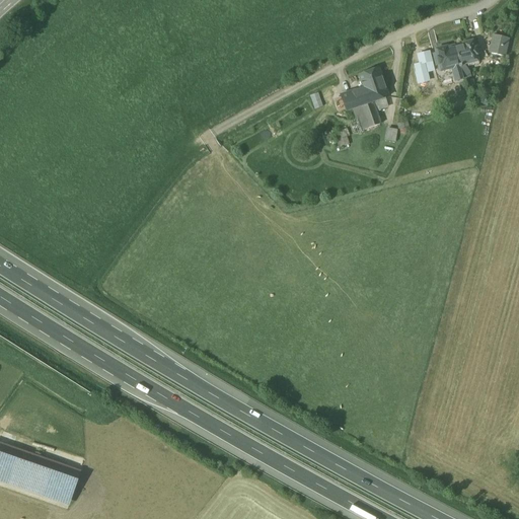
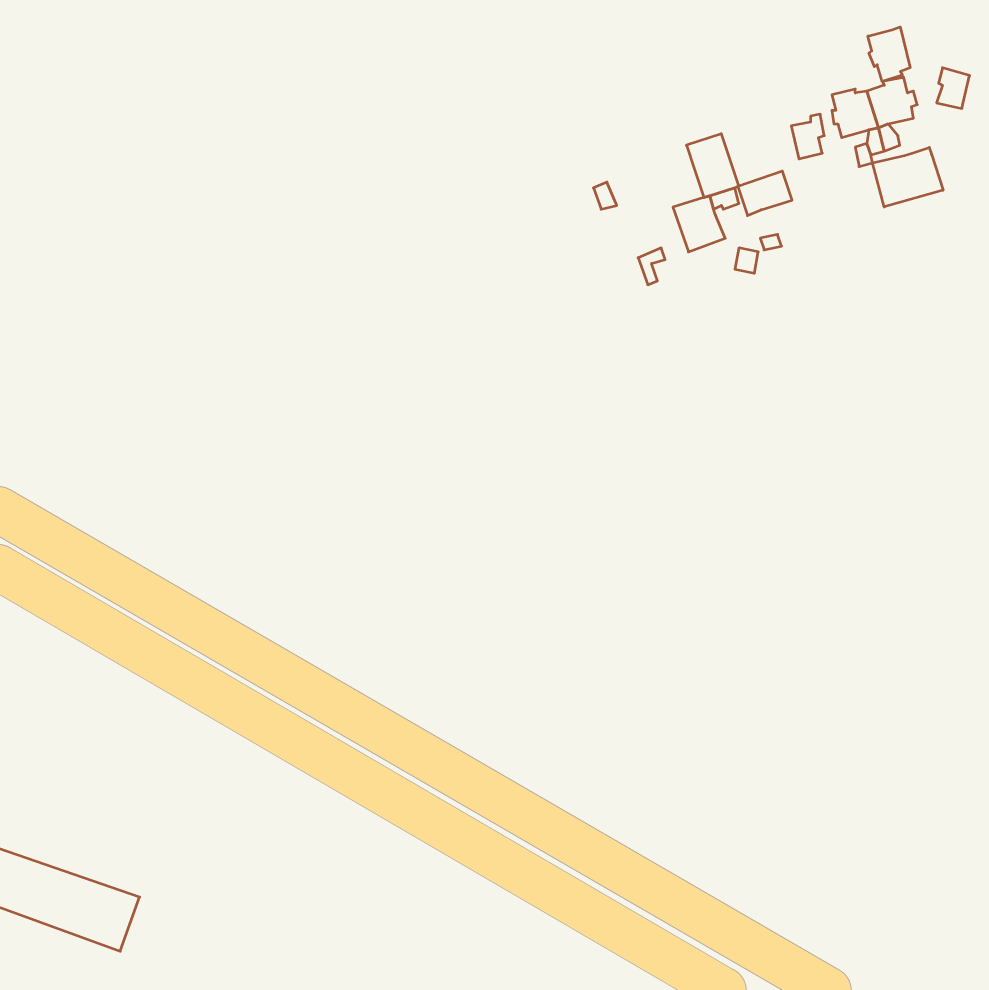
building: none -> [868,27,910,81]
building: none -> [873,147,943,207]
building: [340,88,368,112] -> [738,171,792,216]

